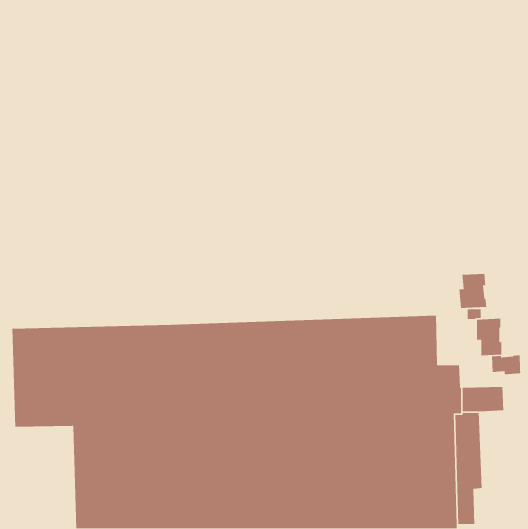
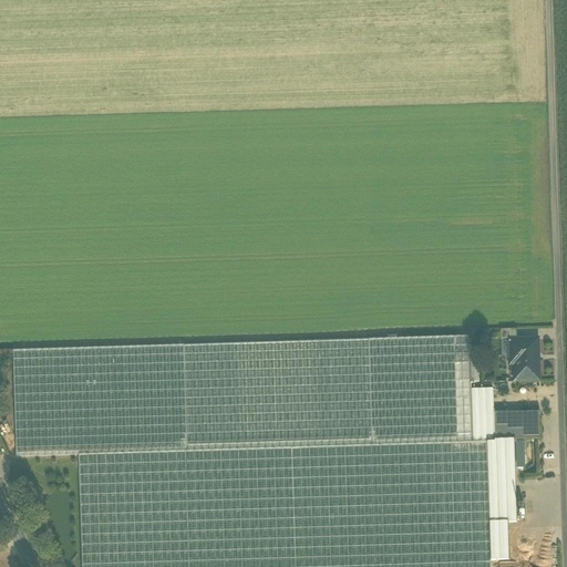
building: [458,273,487,309] -> none
building: [491,354,521,375] -> none

